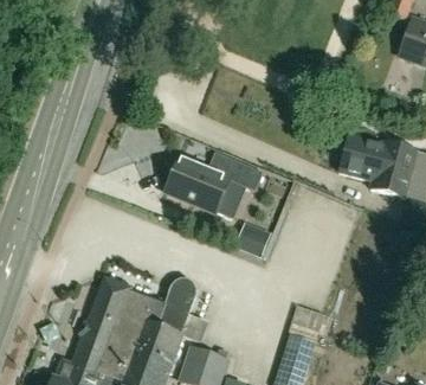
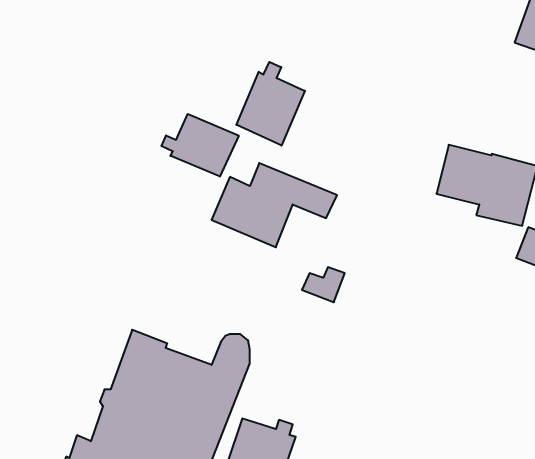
building: none -> [236,62,305,146]
building: none -> [161,114,239,177]

